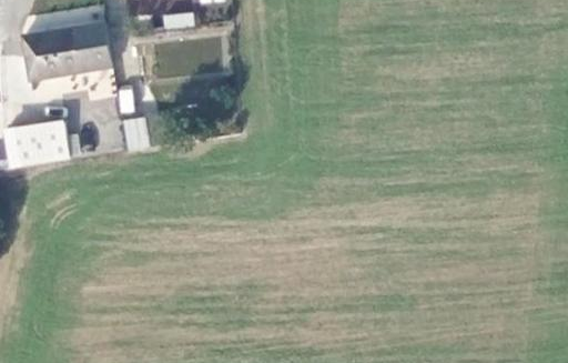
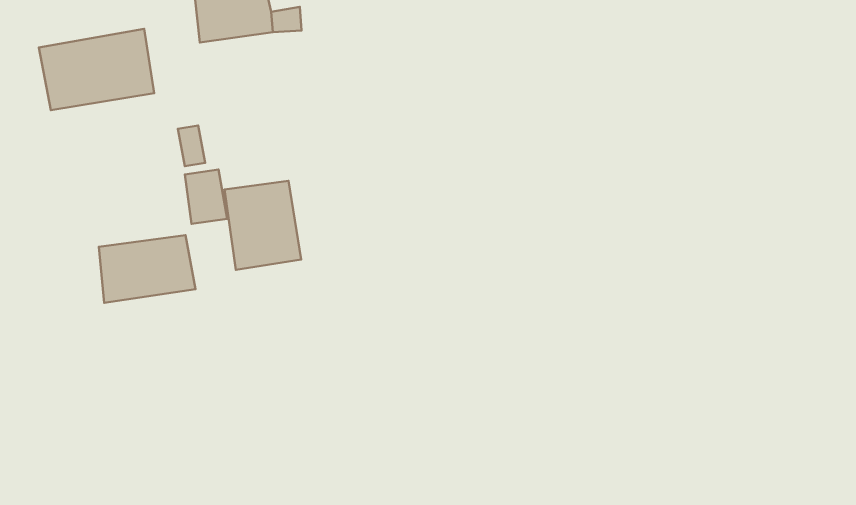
building: [10,119,73,163] -> [99,235,196,303]
building: none -> [224,181,301,270]

